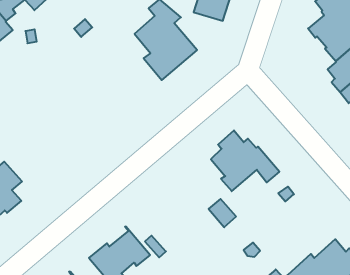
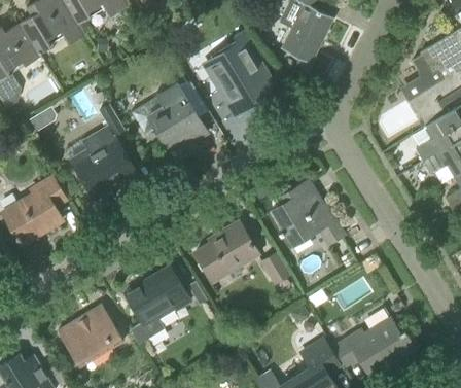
building: none -> [131,86,208,145]
building: none -> [63,104,135,200]
building: none -> [196,220,258,281]

